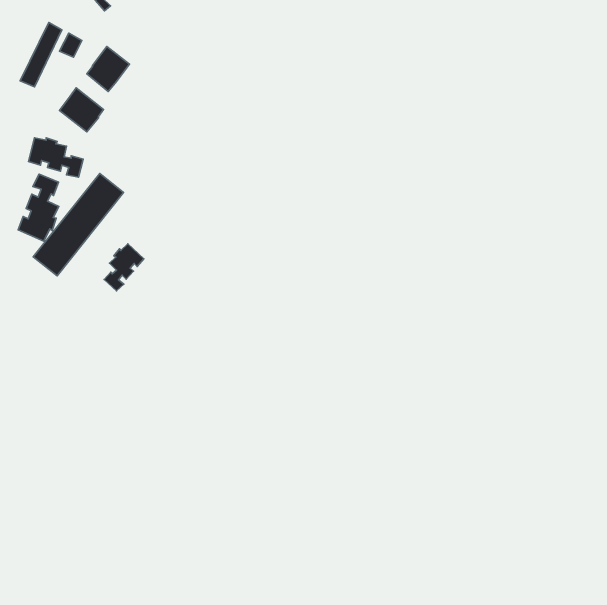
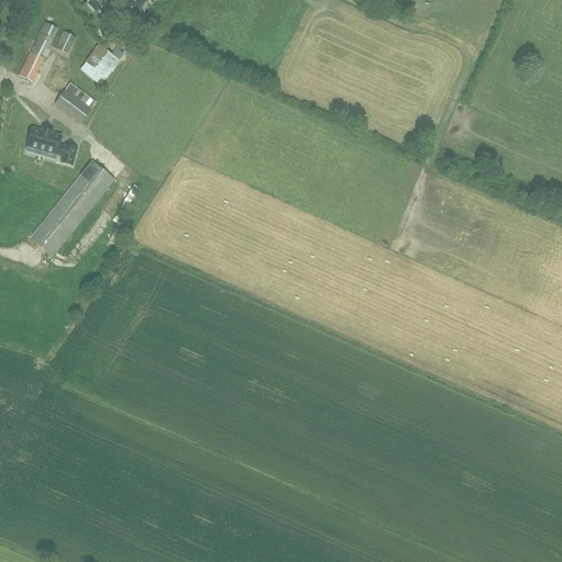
building: [18,174,59,241] -> none
building: [104,244,144,291] -> none

